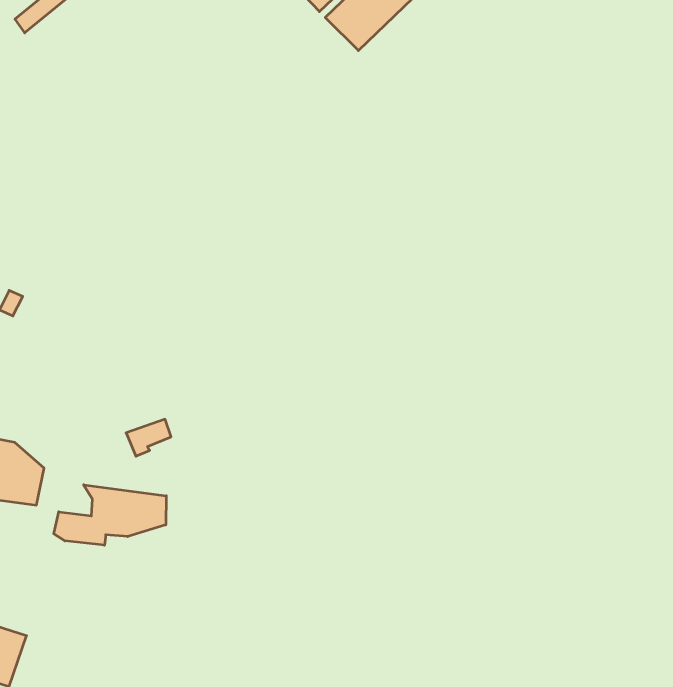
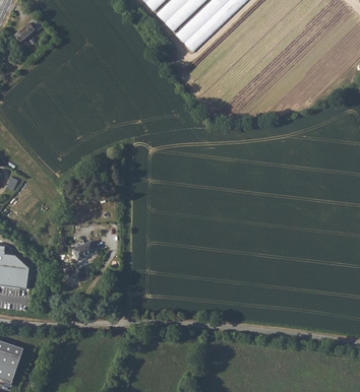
building: [54,485,166,545] -> none

